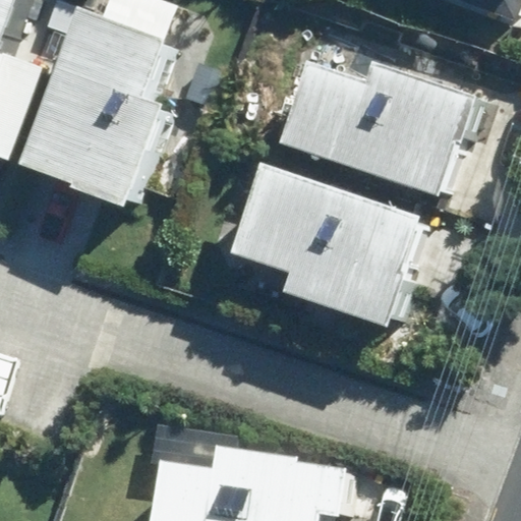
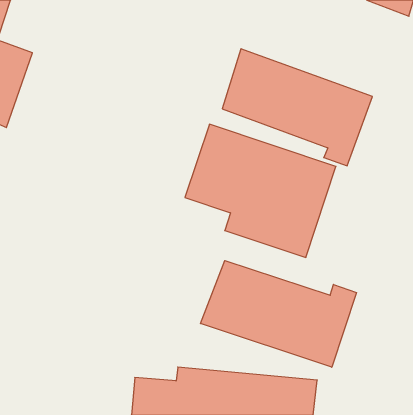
building: [19,8,163,209] -> none
building: none -> [201,261,357,367]

